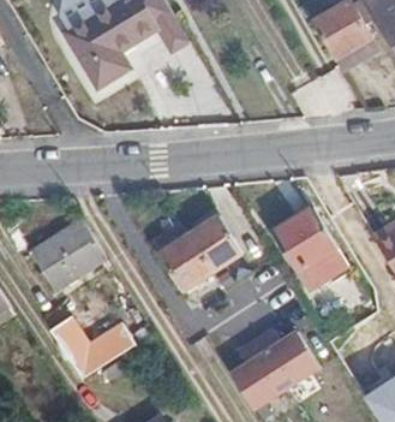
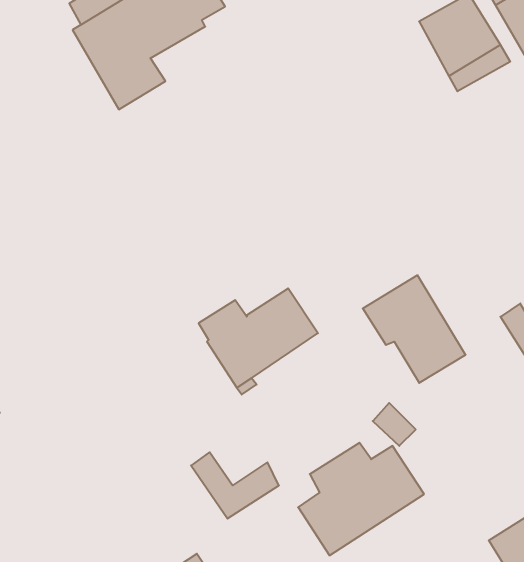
building: [31,220,106,290] -> none
building: [56,331,120,379] -> [191,452,279,519]

